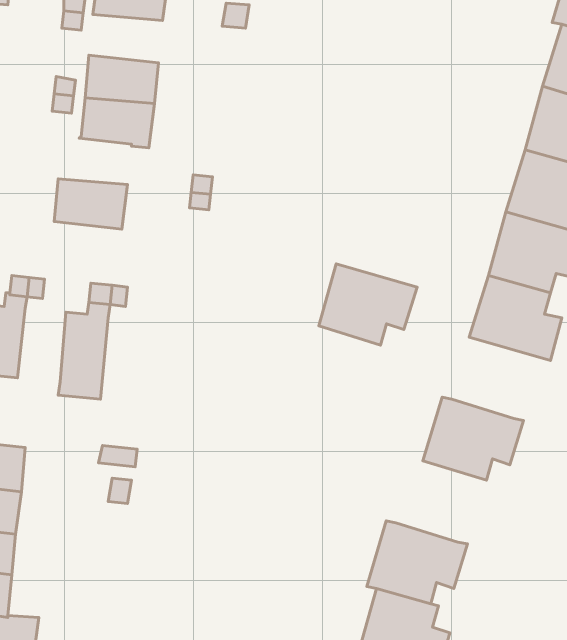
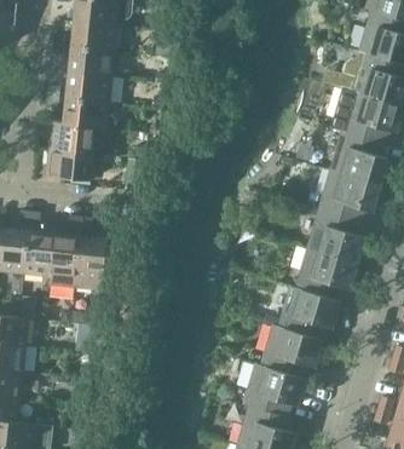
building: none -> [68,47,114,77]
building: none -> [40,121,94,154]
building: [319,264,417,345] -> [295,249,357,300]
building: none -> [23,231,53,277]
building: none -> [75,237,106,292]
building: none -> [260,326,322,378]

